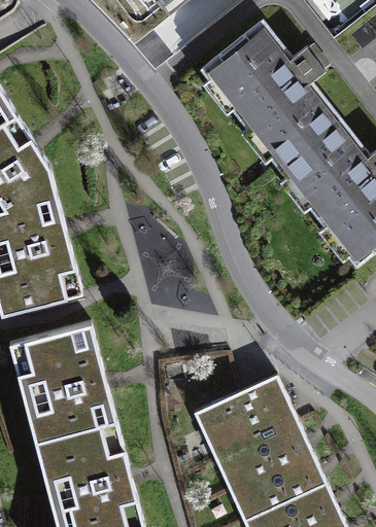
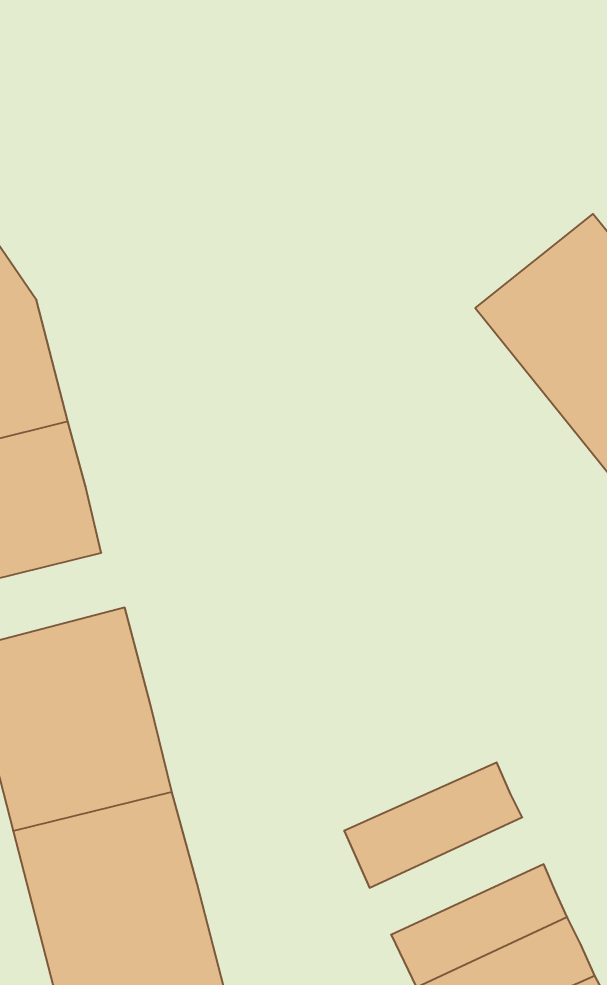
building: [201,20,339,164] -> none
building: [197,376,288,438] -> none
building: [221,431,313,493] -> none

